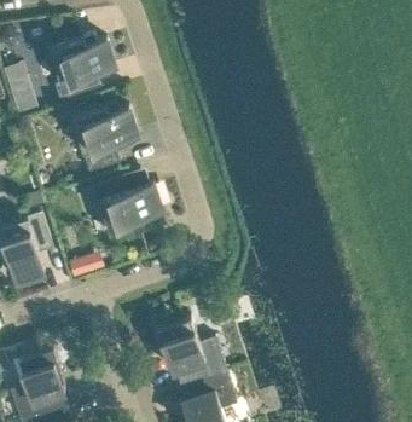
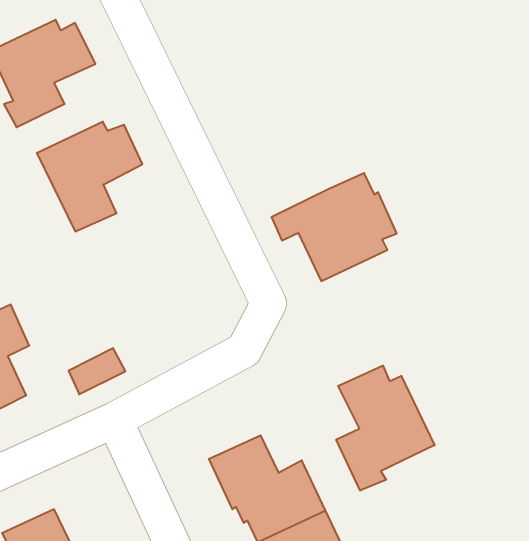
building: [83,169,162,235] -> [271,173,397,281]
building: none -> [336,366,435,491]

